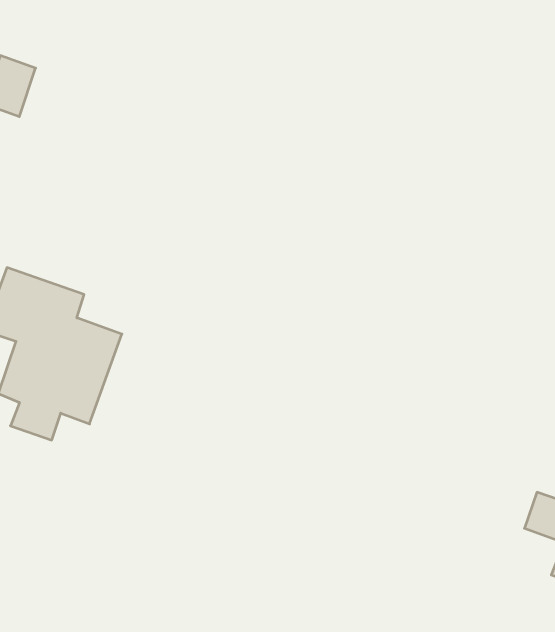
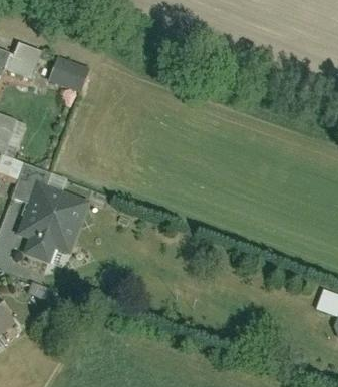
building: none -> [46,57,86,92]

